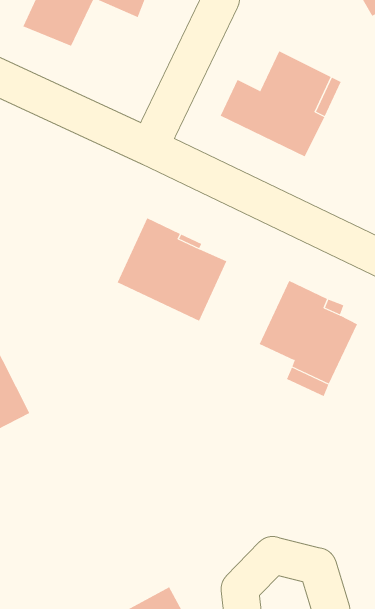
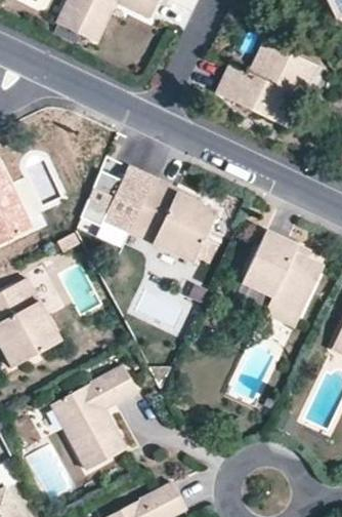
building: none -> [80,169,154,233]
building: none -> [52,363,136,467]

